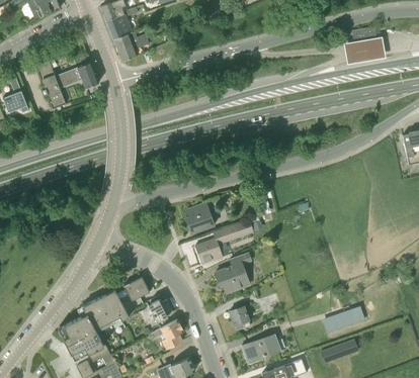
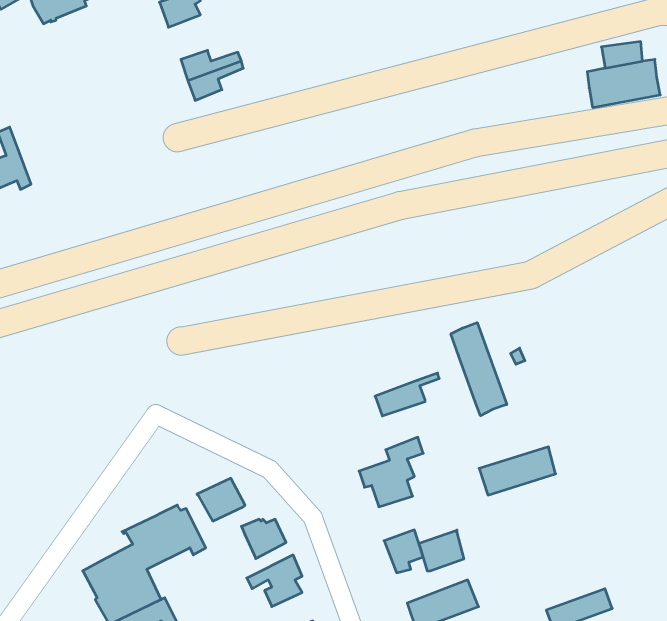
building: [106,13,131,38] -> none
building: [35,57,98,108] -> none
building: none -> [451,323,507,416]
building: [185,203,214,229] -> none
building: [195,229,228,264] -> none
building: [323,304,366,332] -> [479,447,556,495]
building: none -> [419,530,464,571]

